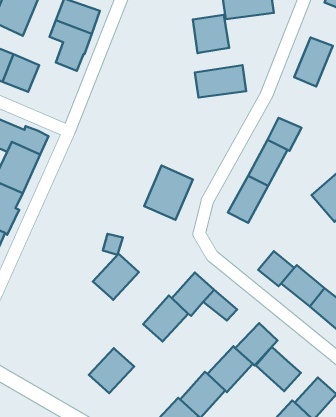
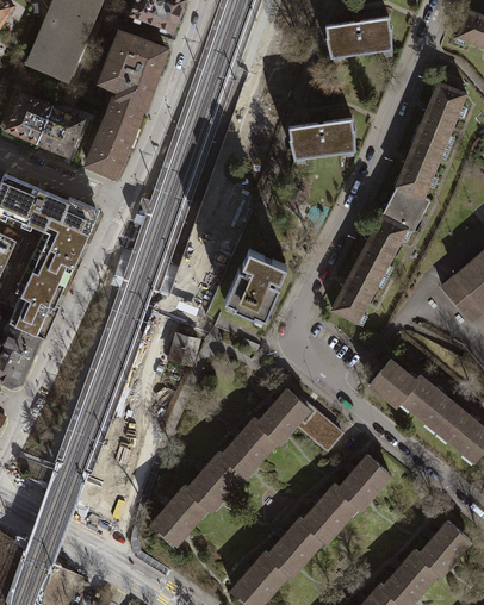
building: [193,15,229,53] -> none
building: none -> [87,116,135,176]
building: none -> [395,135,445,199]
building: [93,254,139,300] -> [185,451,244,511]
building: [256,347,301,391] -> none

